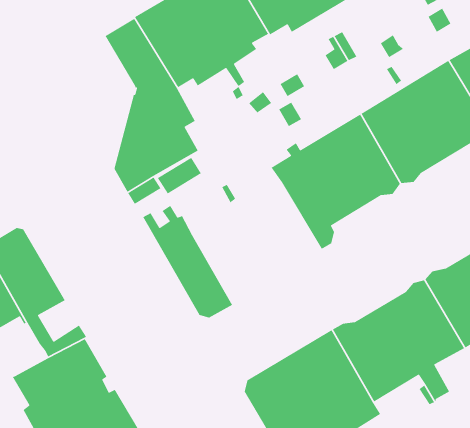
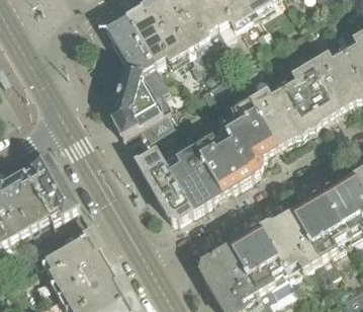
building: none -> [165,126,252,209]

